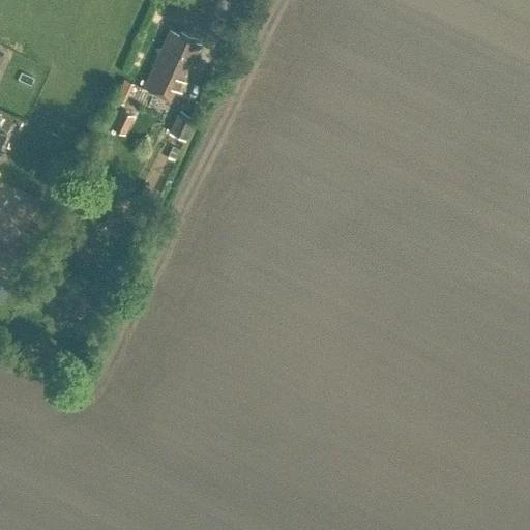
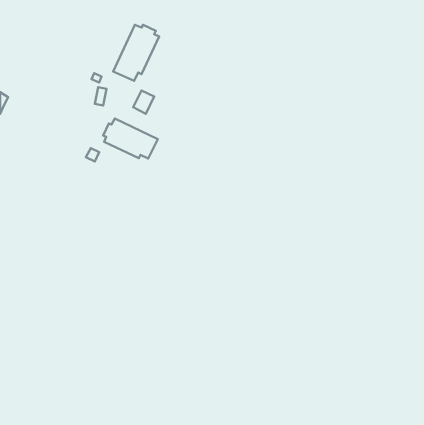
building: none -> [103,119,158,158]

